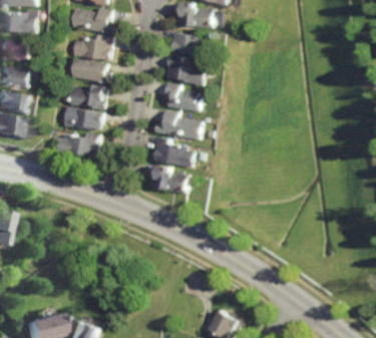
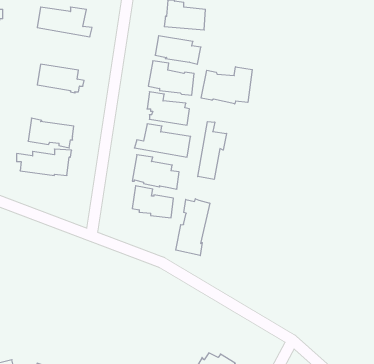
building: [71,34,112,60] -> none
building: none -> [201,67,252,104]
building: [68,85,105,109] -> none
building: none -> [198,122,227,179]
building: none -> [176,199,210,256]

